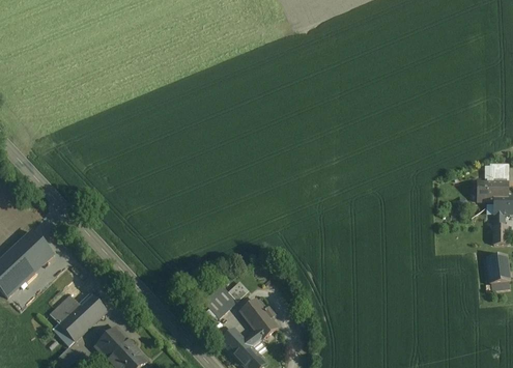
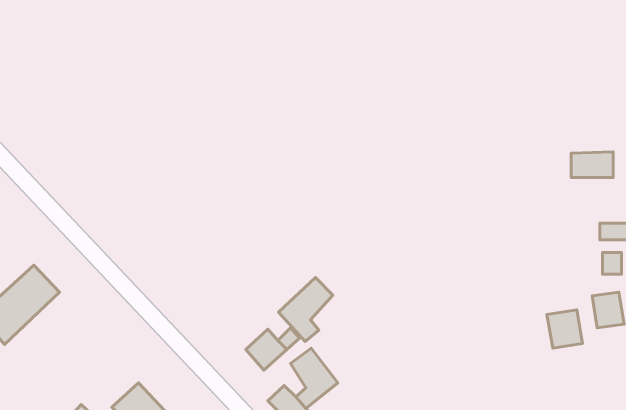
building: [473,178,507,199] -> [571,152,613,177]
building: none -> [278,277,333,342]
building: none -> [547,310,583,348]
building: [46,279,109,341] -> none

